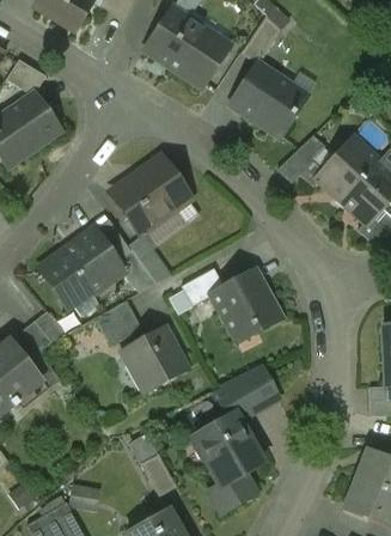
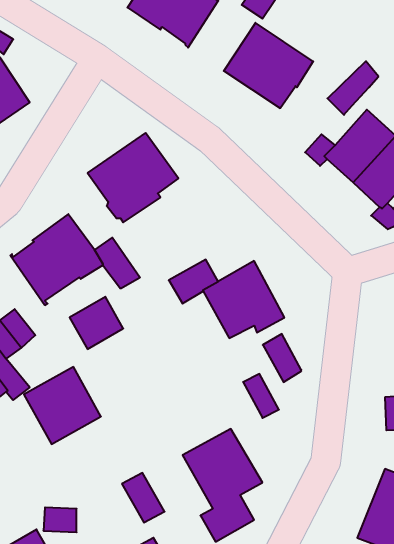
building: [277,135,322,182] -> [327,61,378,115]
building: [121,325,188,392] -> [24,367,101,444]
building: [228,373,262,415] -> [263,334,301,382]

